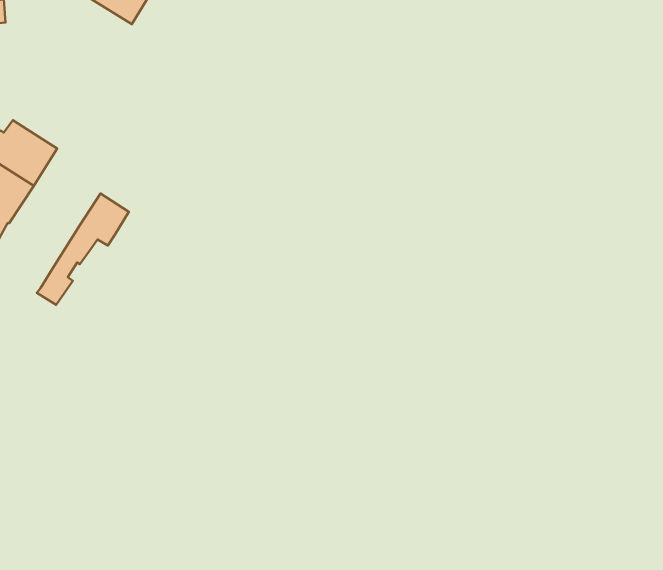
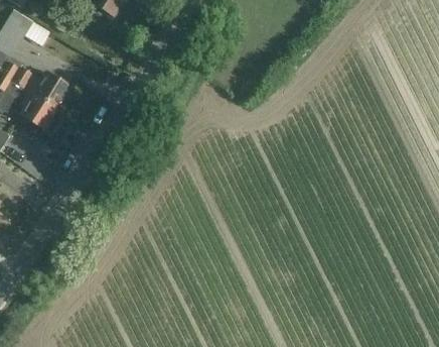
building: [37,193,129,305] -> none

